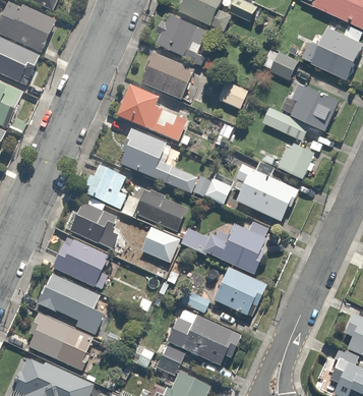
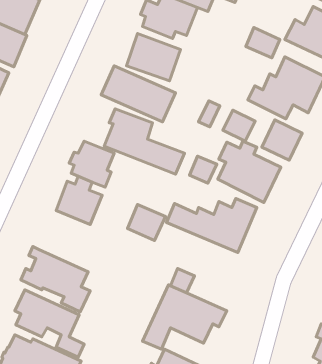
building: [216,78,248,110] -> [223,110,255,141]
building: [132,189,186,230] -> none
building: [52,234,112,288] -> none
building: [213,268,266,317] -> none

